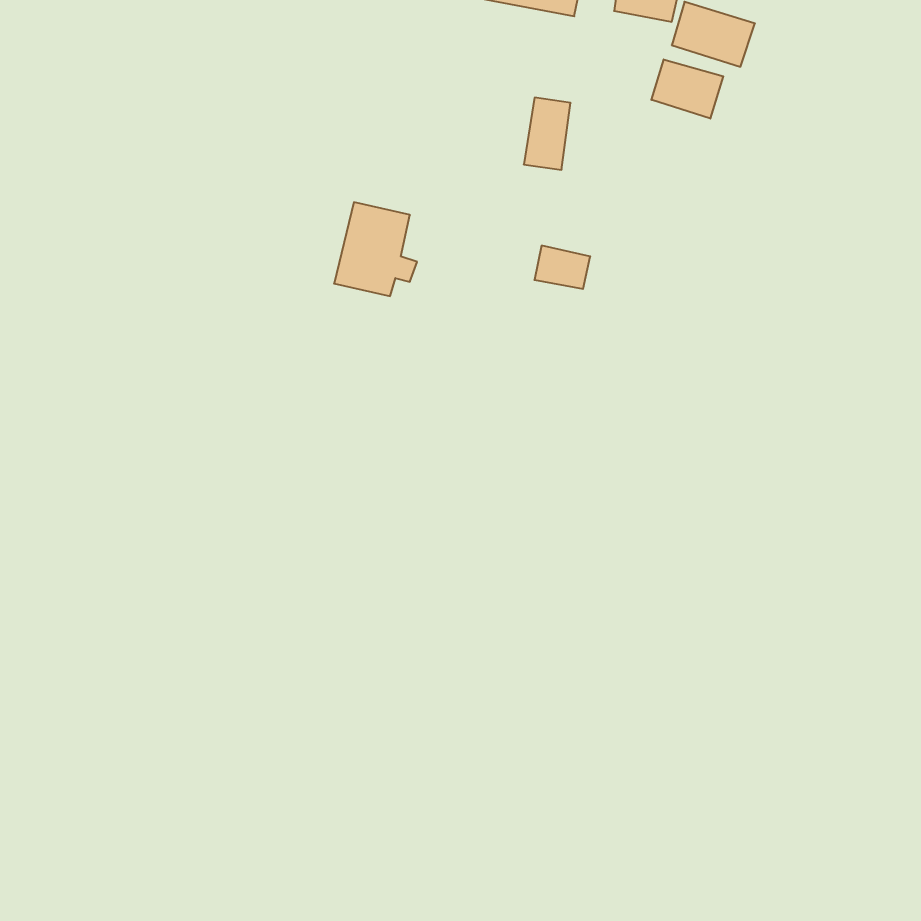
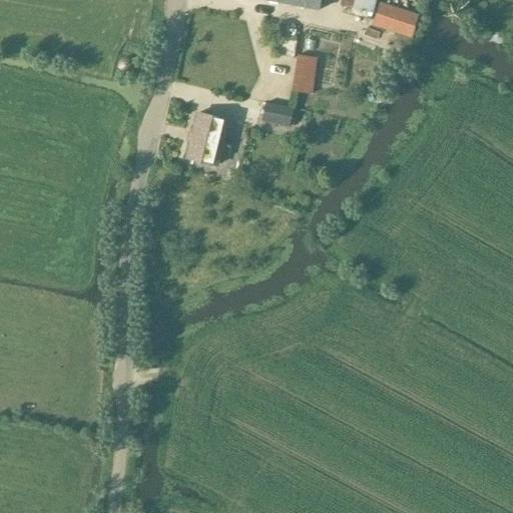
building: [651,59,723,119] -> none
building: [534,246,590,289] -> [263,102,294,126]

